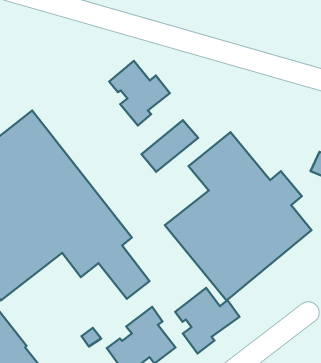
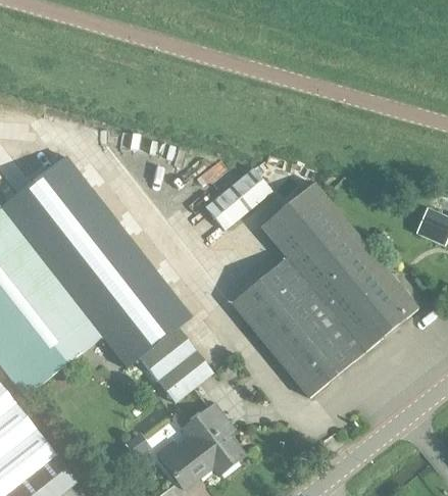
building: [109,61,170,126] -> none
building: [175,288,239,353] -> none

